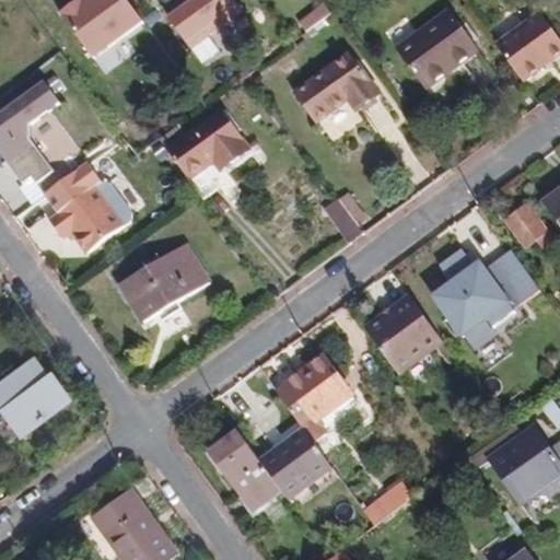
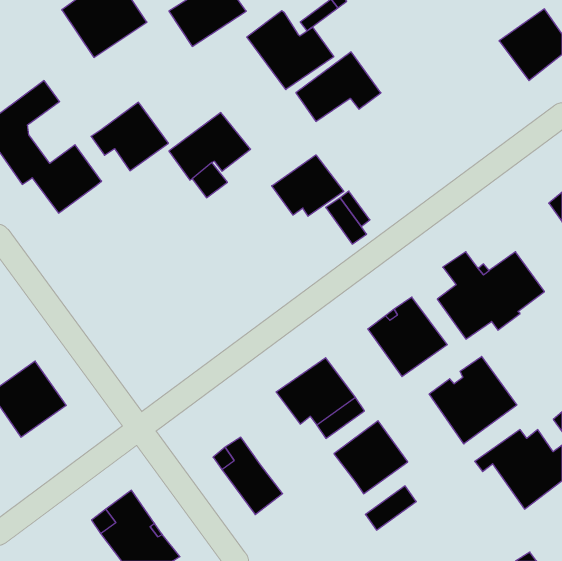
building: [394,7,478,89] -> none
building: none -> [247,11,334,90]
building: none -> [272,155,344,216]
building: [48,184,125,252] -> [91,102,168,171]
building: [505,203,552,246] -> none
building: [118,242,210,322] -> none
building: none -> [429,356,517,444]
building: [258,428,331,500] -> [334,421,408,494]

